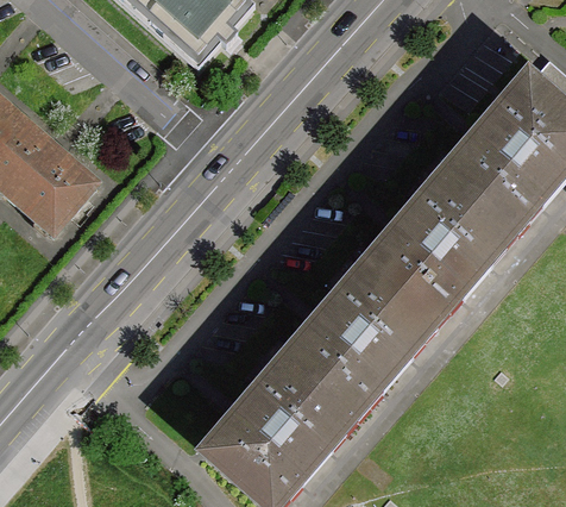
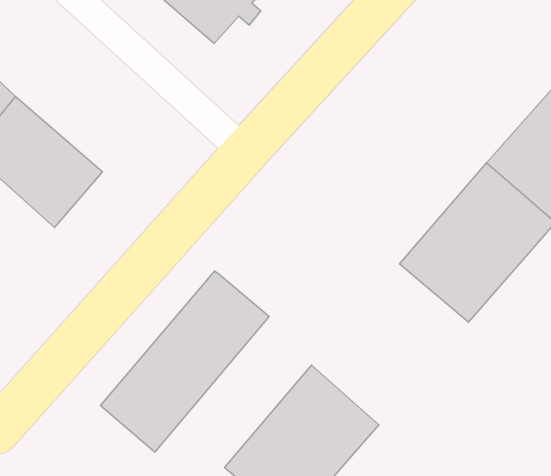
building: [285,268,429,415] -> none
building: none -> [101,271,269,452]

